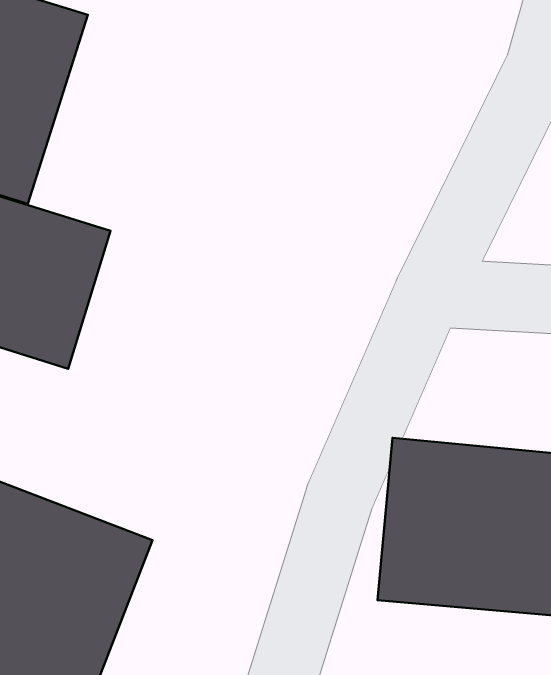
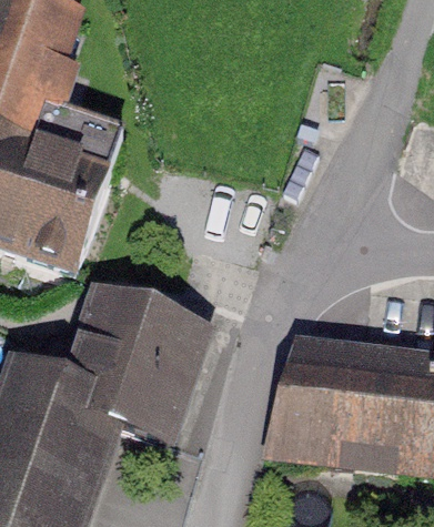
building: none -> [65,284,222,418]

